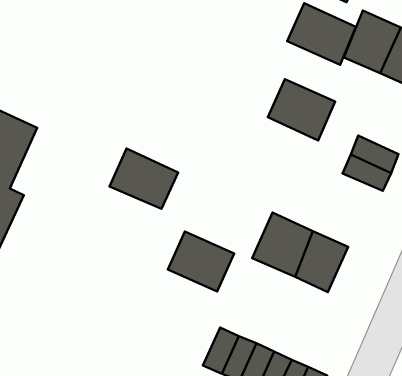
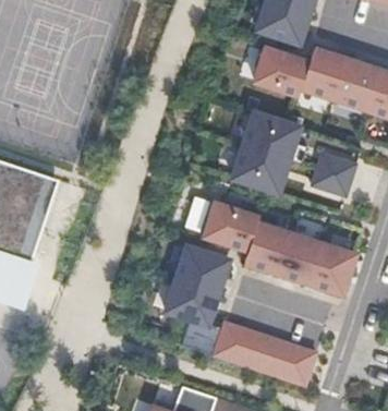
building: none -> [232,144,287,192]
building: [110,149,178,209] -> [203,203,258,250]
building: none -> [308,244,354,294]
building: none -> [163,278,217,324]

